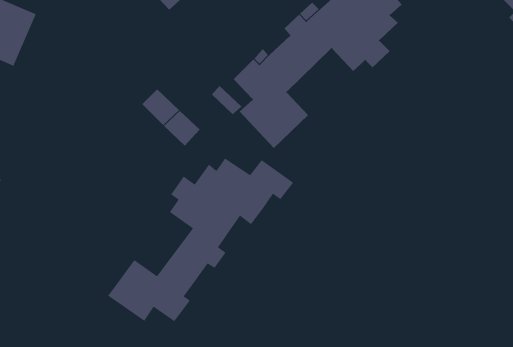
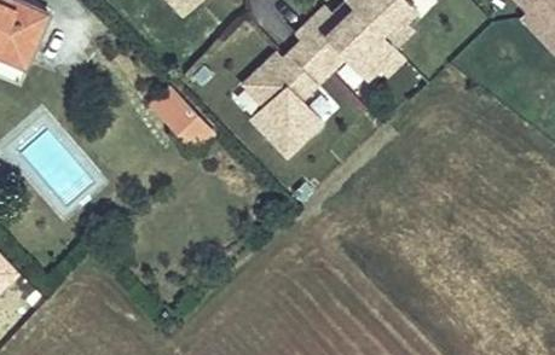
building: [107,157,294,322] -> none

